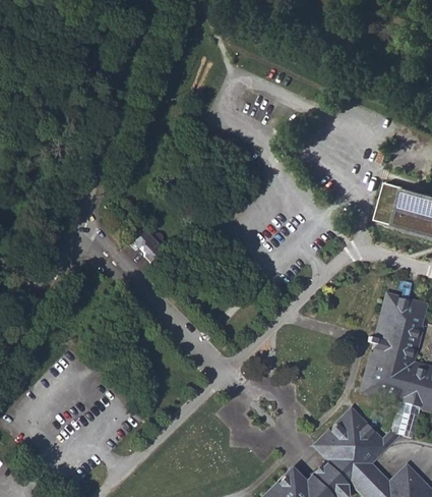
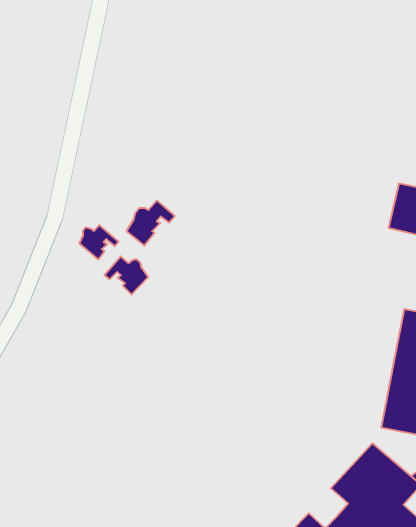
building: none -> [127,200,175,246]
building: none -> [80,225,118,259]

